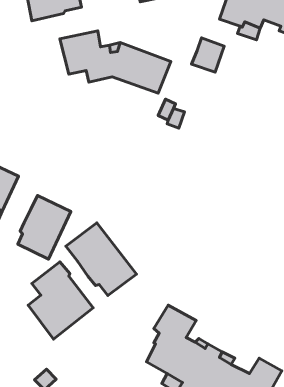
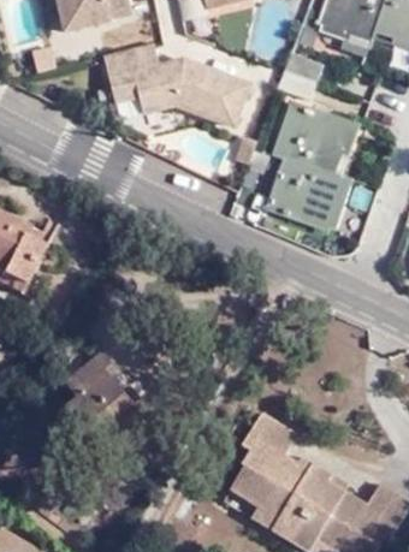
building: none -> [269,101,358,230]
building: [18,196,71,259] -> none
building: [66,223,136,295] -> none

